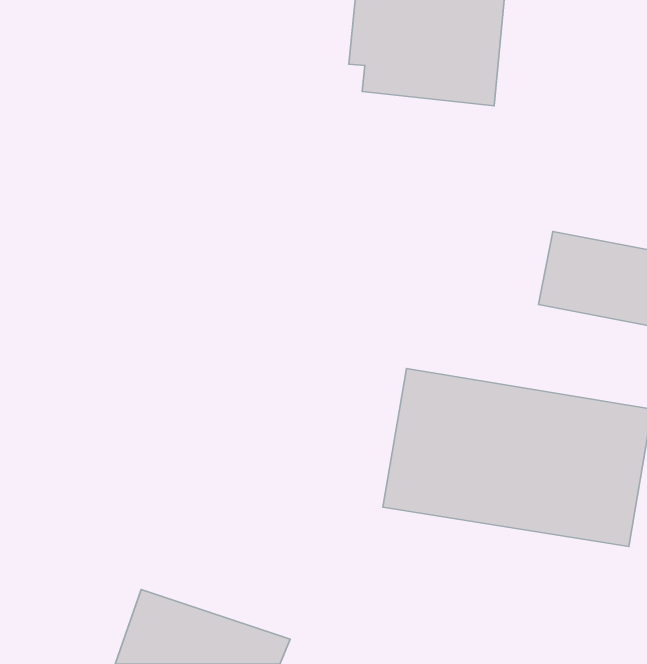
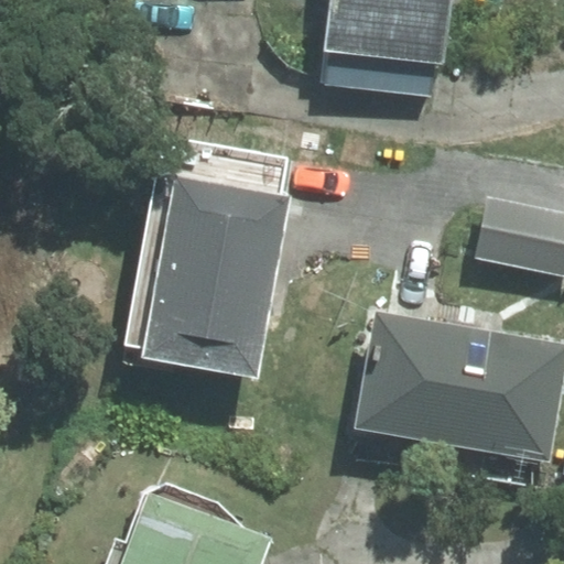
building: none -> [121,173,281,379]

